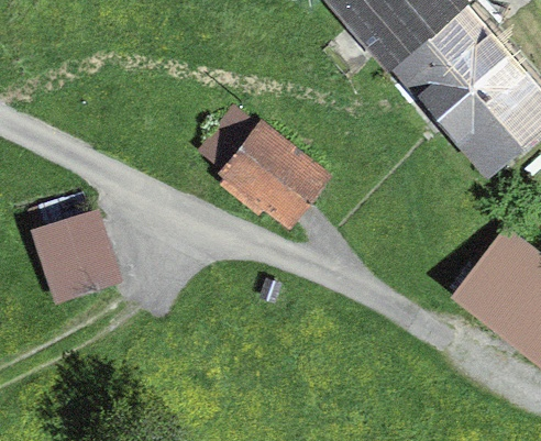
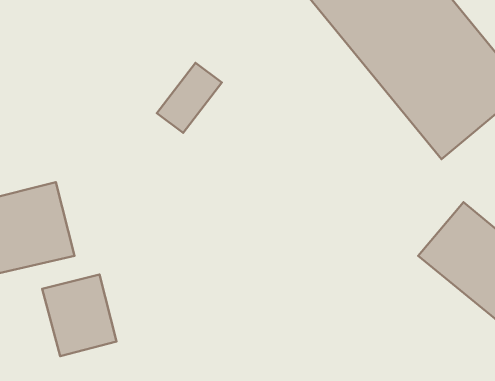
building: [224,130,333,232] -> none
building: none -> [42,275,116,356]

